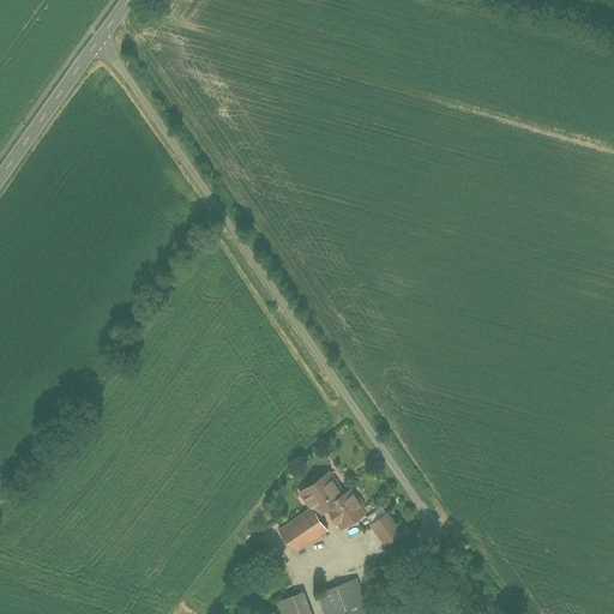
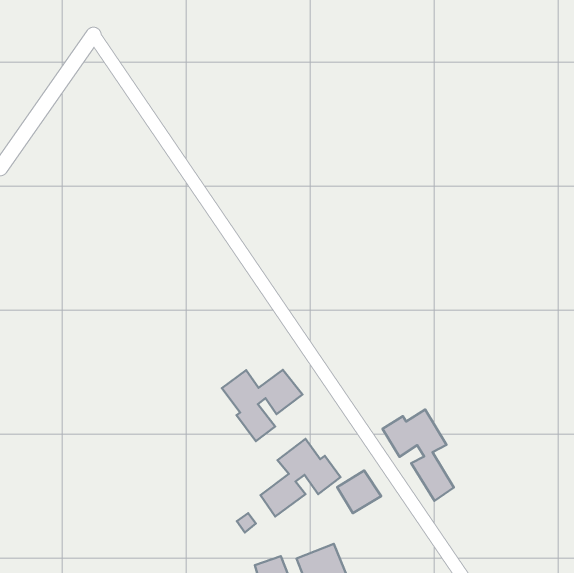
building: none -> [222,370,303,441]
building: none -> [382,409,454,501]

